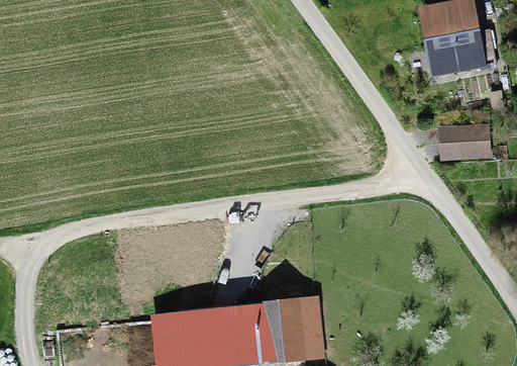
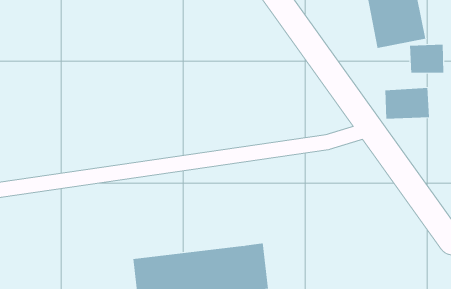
building: none -> [410,44,444,73]

